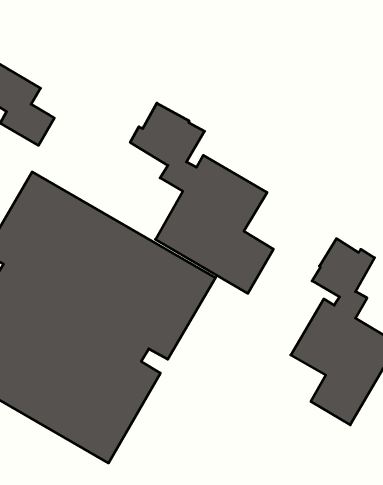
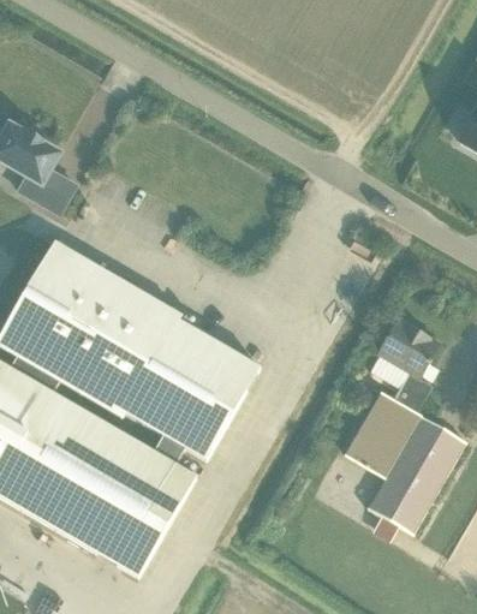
building: [130,103,273,293] -> none

